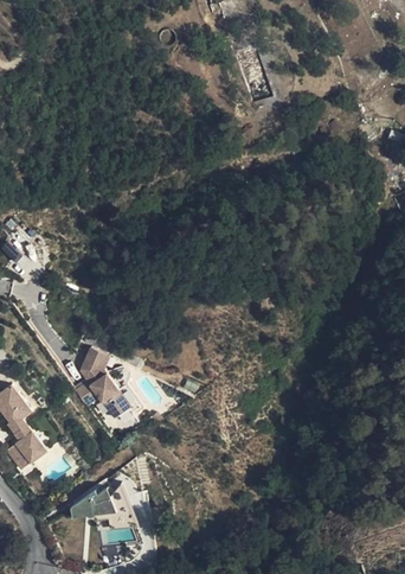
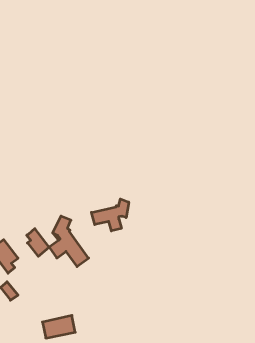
building: none -> [91,199,129,231]
building: [13,422,45,461] -> [27,229,49,256]

